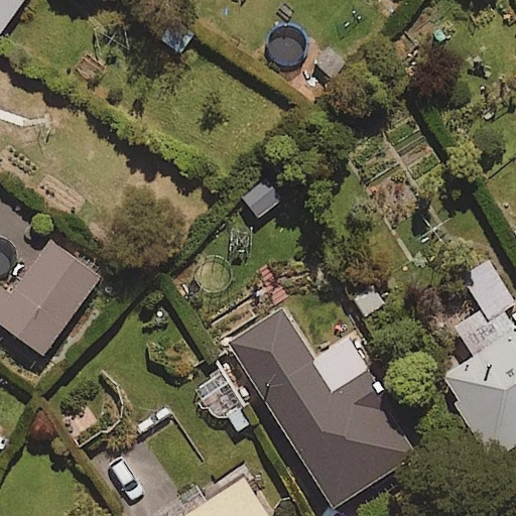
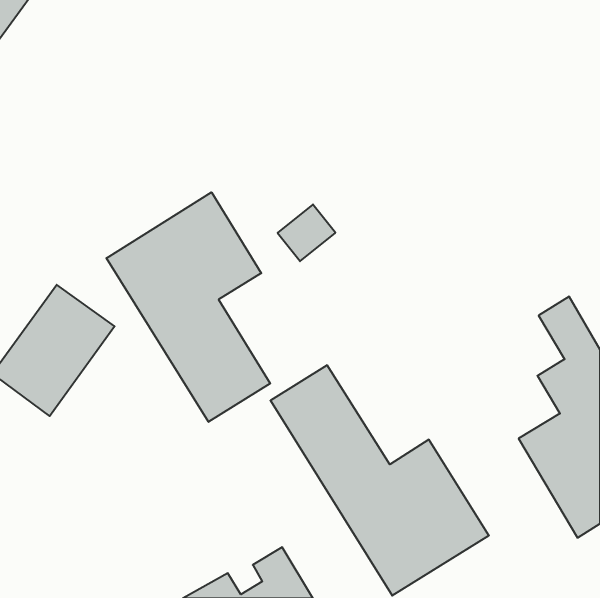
building: none -> [106,192,270,422]

